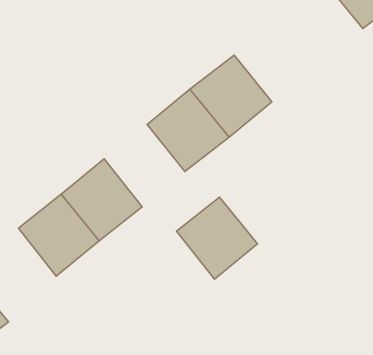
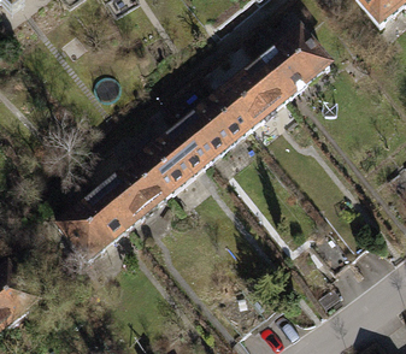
building: none -> [257,20,334,99]
building: [177,197,257,279] -> [133,120,210,199]

